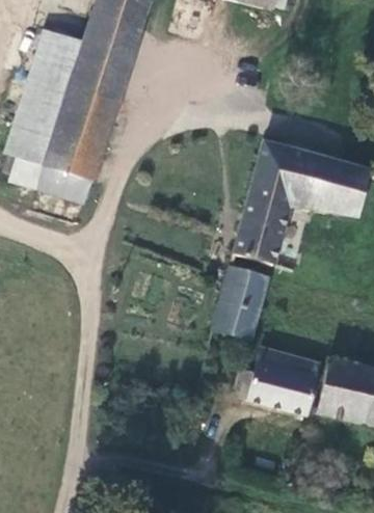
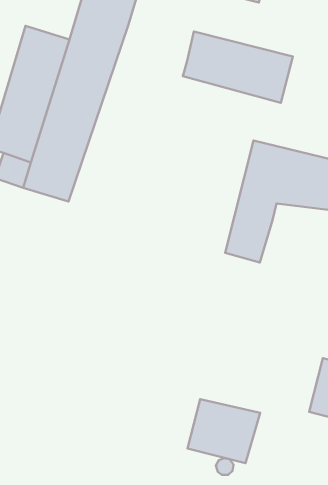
building: none -> [183,32,293,103]
building: [216,269,269,341] -> none
building: [250,349,322,412] -> [188,399,260,463]

